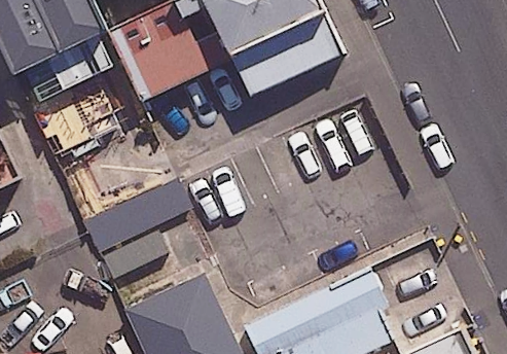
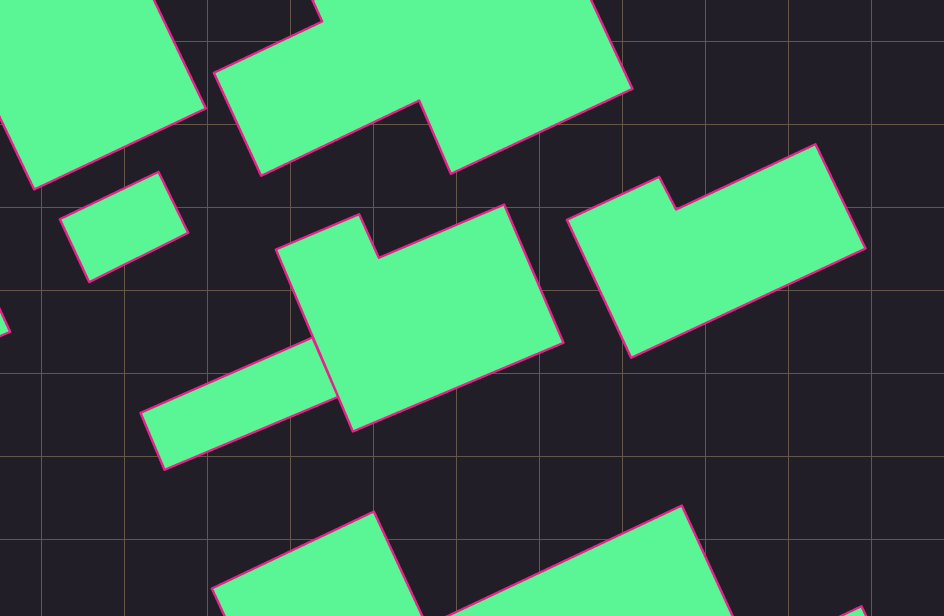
building: none -> [567,144,865,358]
building: none -> [276,204,564,432]

